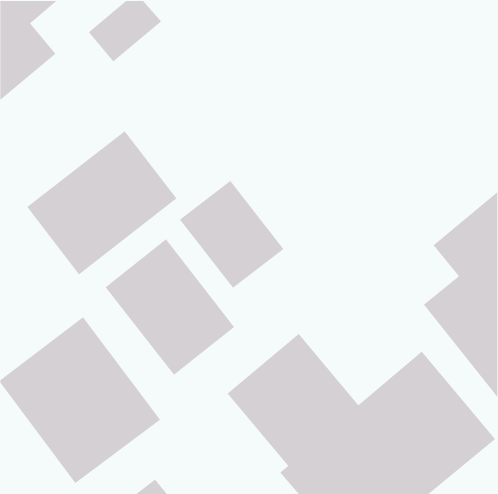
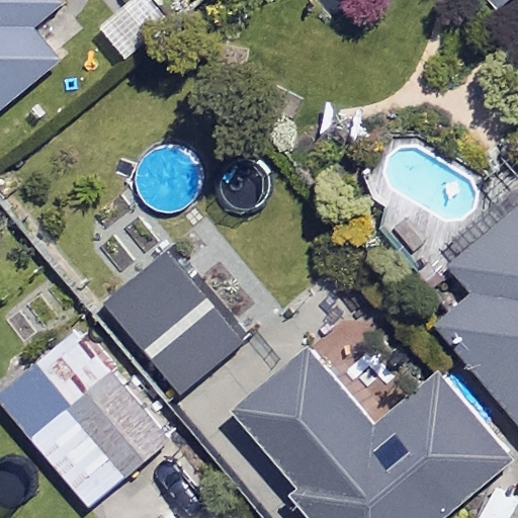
building: [26,130,177,276] -> none
building: [179,180,285,289] -> none

